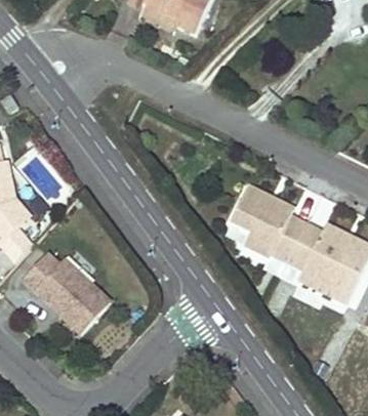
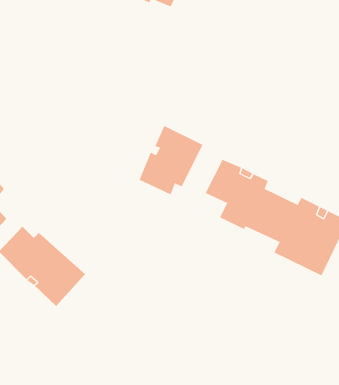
building: none -> [139,125,203,195]

